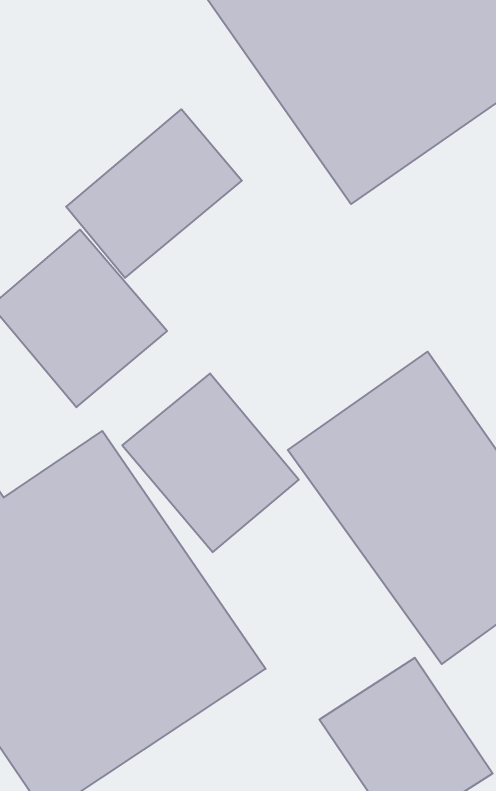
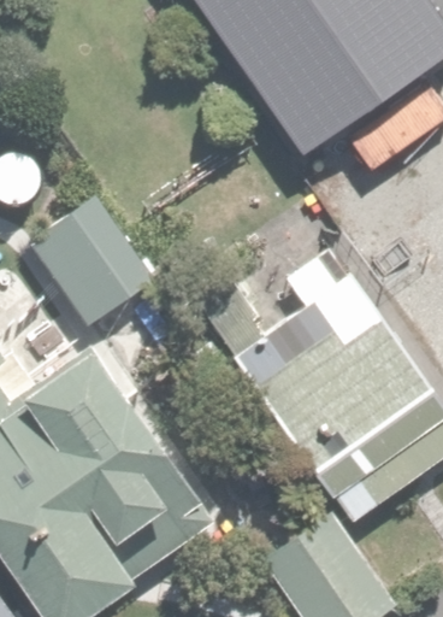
building: [66,109,242,278] -> none
building: [122,373,299,552] -> none

